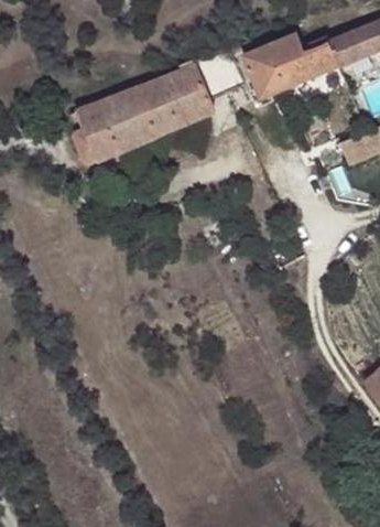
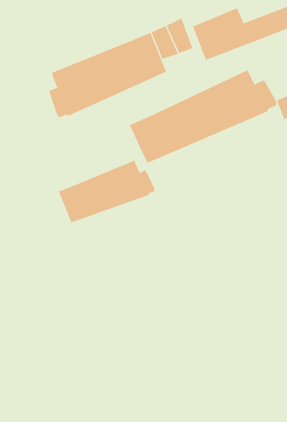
building: none -> [129,70,277,163]
building: none -> [58,160,155,223]

